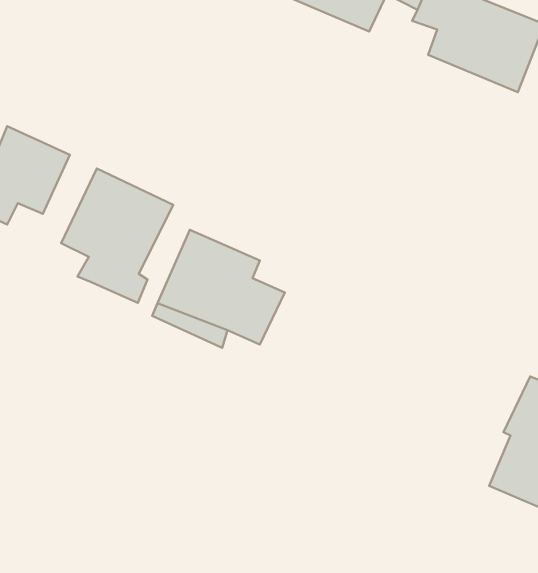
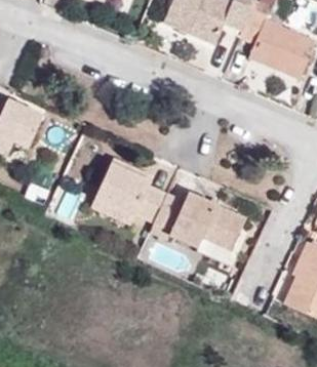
building: [61,169,173,303] -> none
building: none -> [150,191,246,249]

